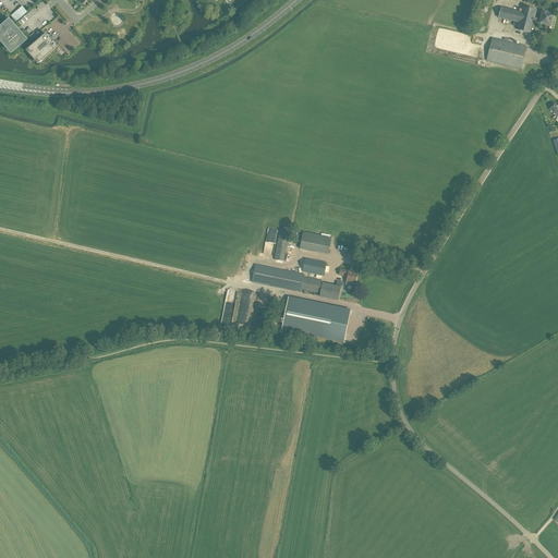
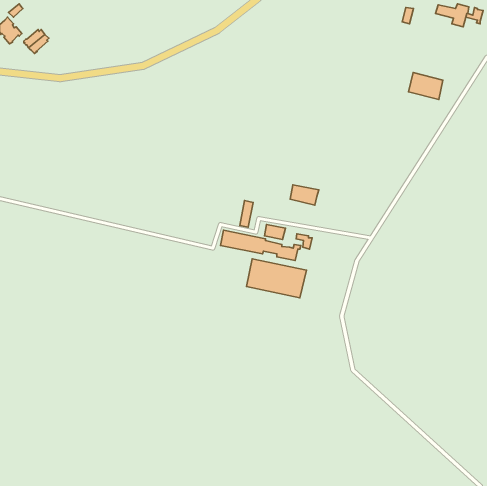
building: [485,36,524,66] -> [408,73,443,99]
building: [299,230,331,253] -> [290,185,319,205]

